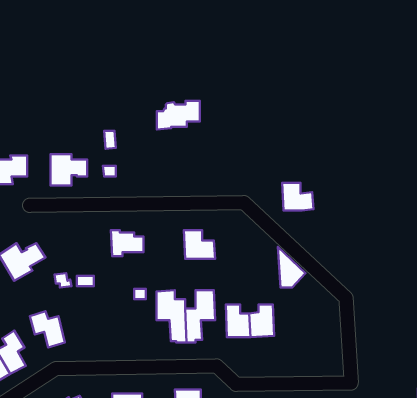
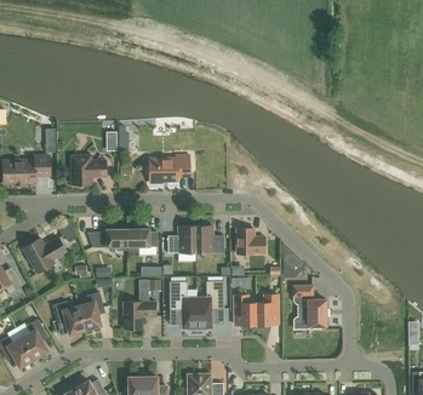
building: [157,101,200,129] -> [149,156,189,183]
building: [282,183,314,210] -> [236,228,265,253]
building: none -> [88,225,128,250]
building: none -> [167,225,196,253]
building: none -> [293,286,326,328]
building: none -> [79,292,104,330]
building: none -> [124,302,156,328]

